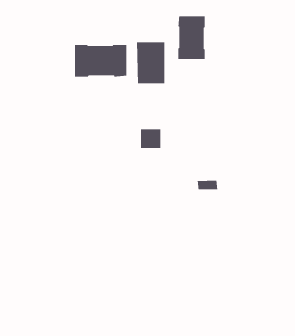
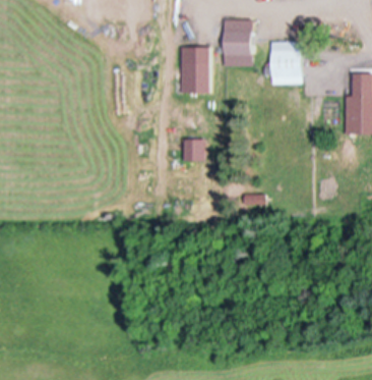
building: none -> [261,42,302,85]
building: [74,44,127,77] -> none

